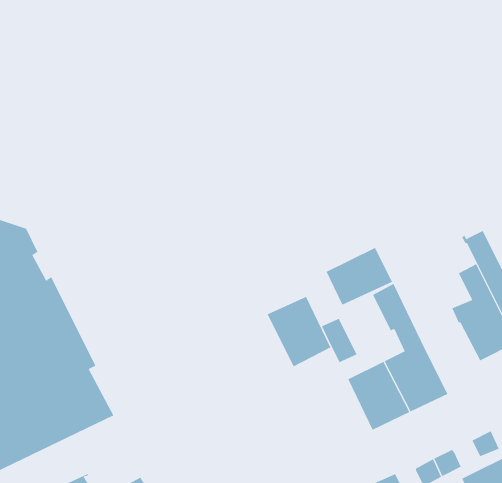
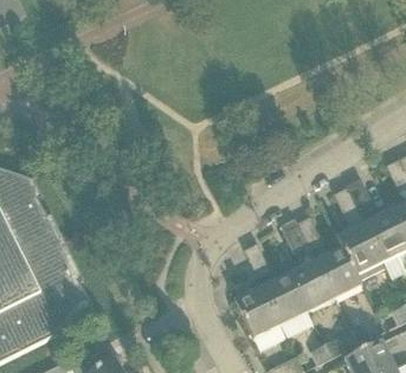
building: [326,247,393,306] -> none
building: [267,296,331,367] -> [233,287,279,337]
building: none -> [315,246,361,297]

